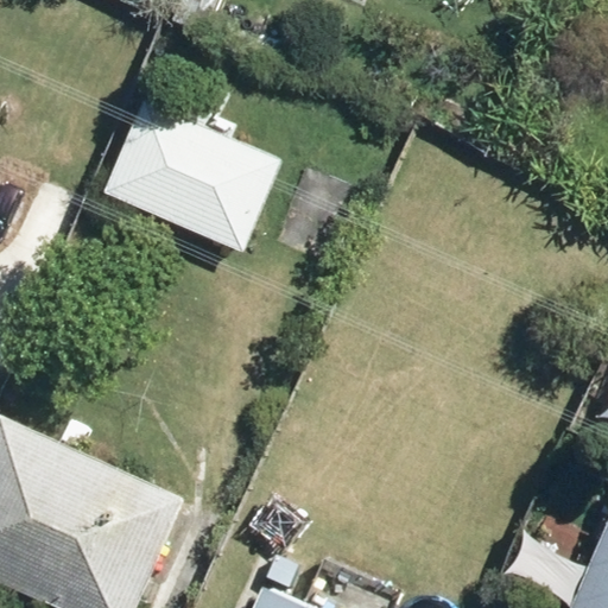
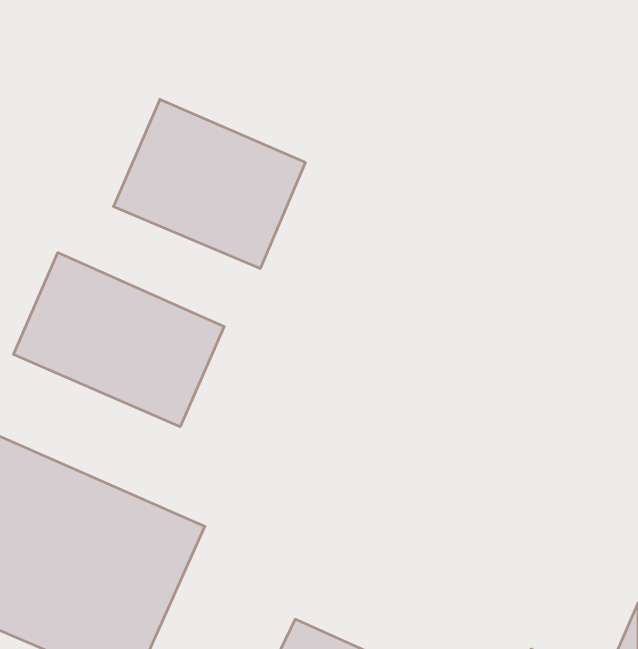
building: none -> [14,253,224,427]

